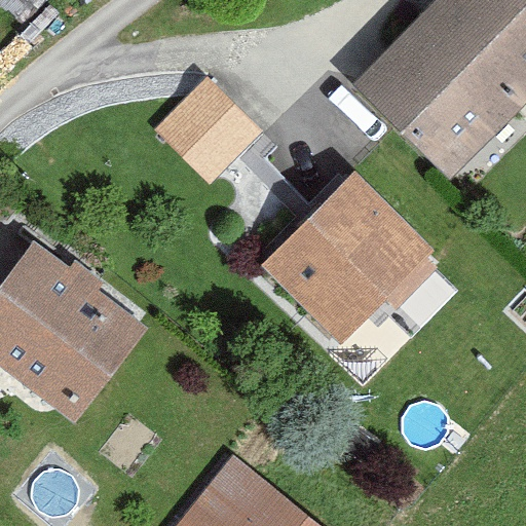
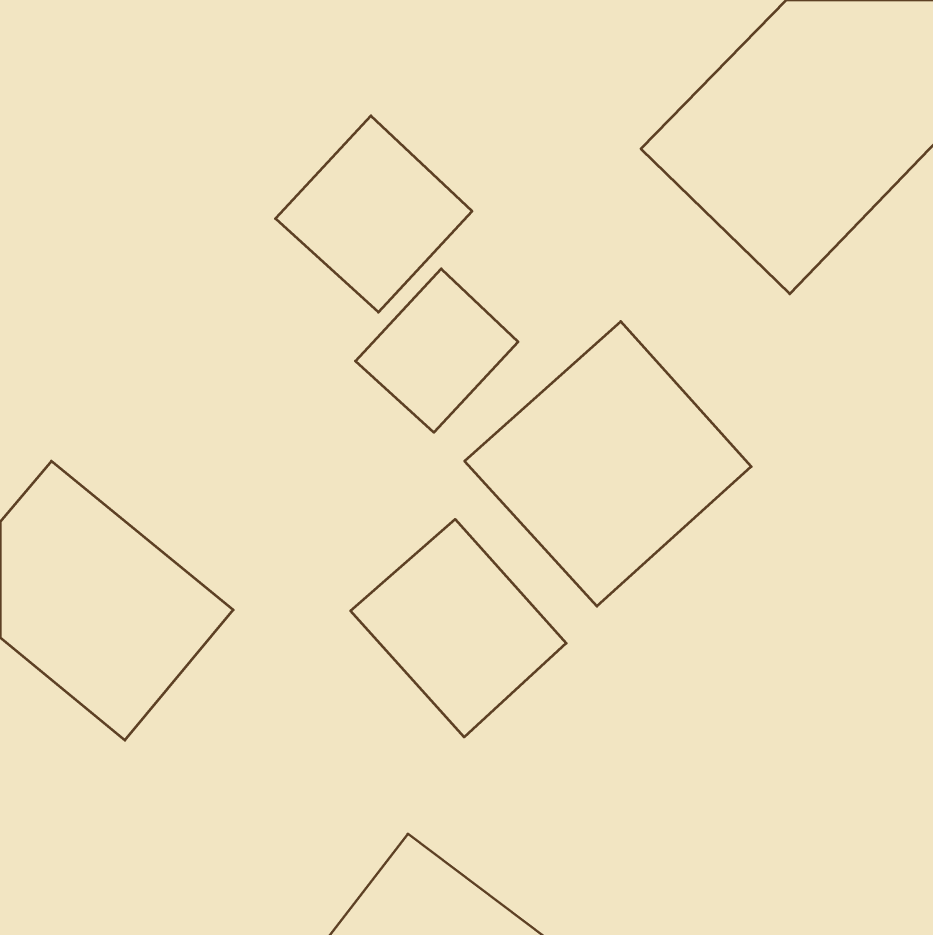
building: none -> [355,269,518,432]
building: none -> [351,519,566,737]

